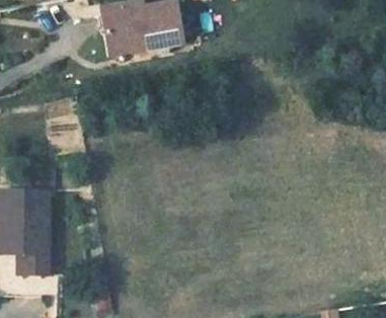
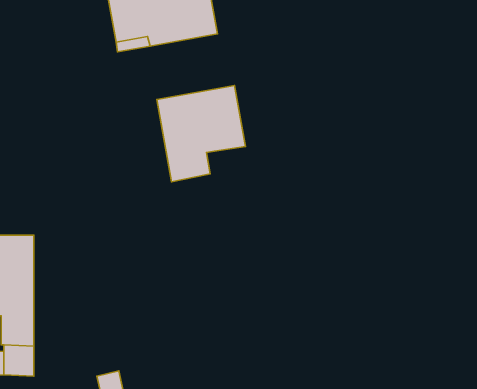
building: none -> [157,85,246,182]

